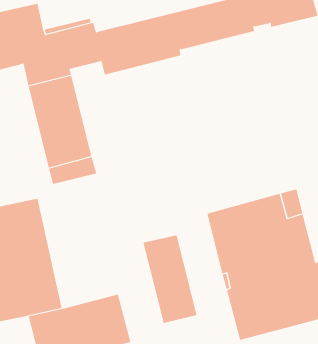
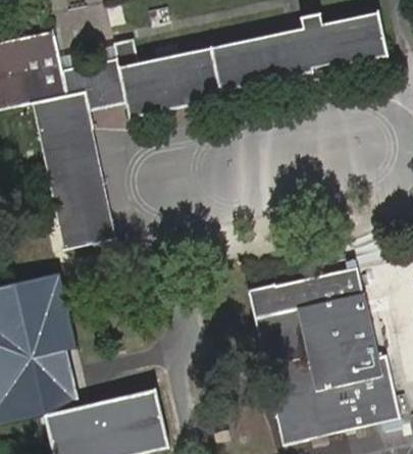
building: [143,235,197,324] -> none

